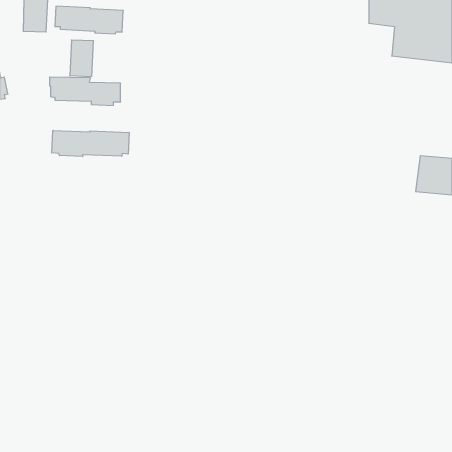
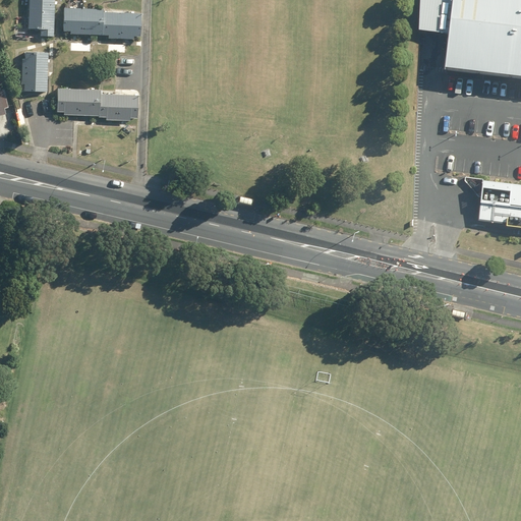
building: [70,40,94,76] -> [21,49,49,91]
building: [52,130,129,157] -> none

